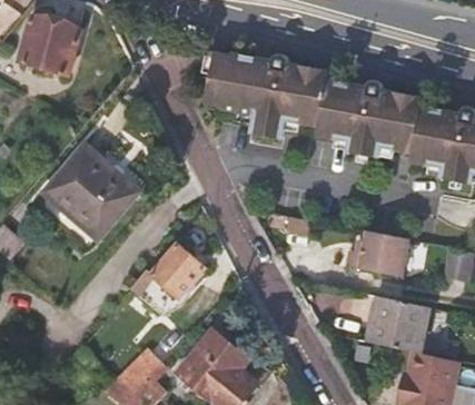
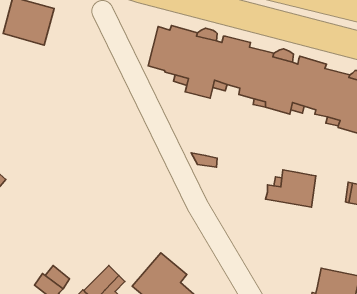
building: [44,146,137,237] -> none
building: [130,244,206,315] -> none
building: [366,295,429,353] -> none

